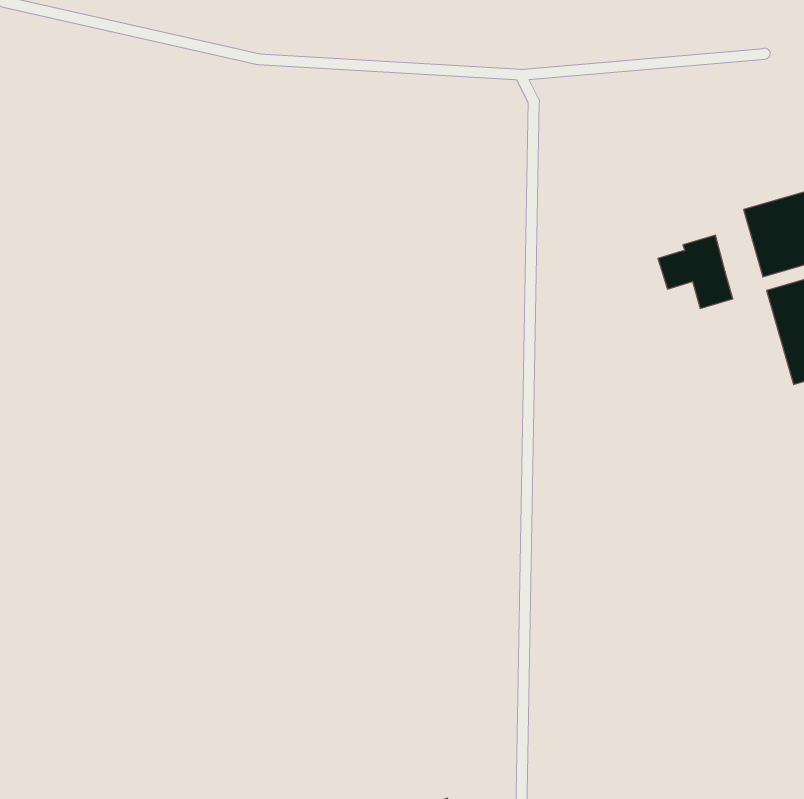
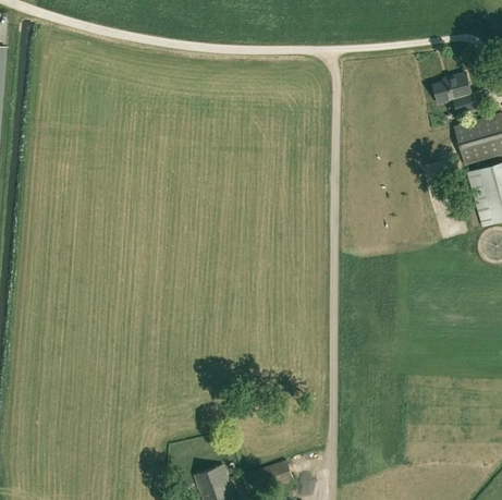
building: [658,235,733,308] -> [432,73,475,114]

